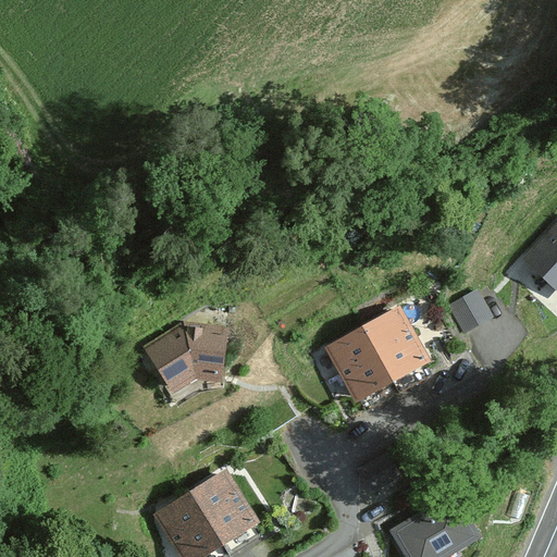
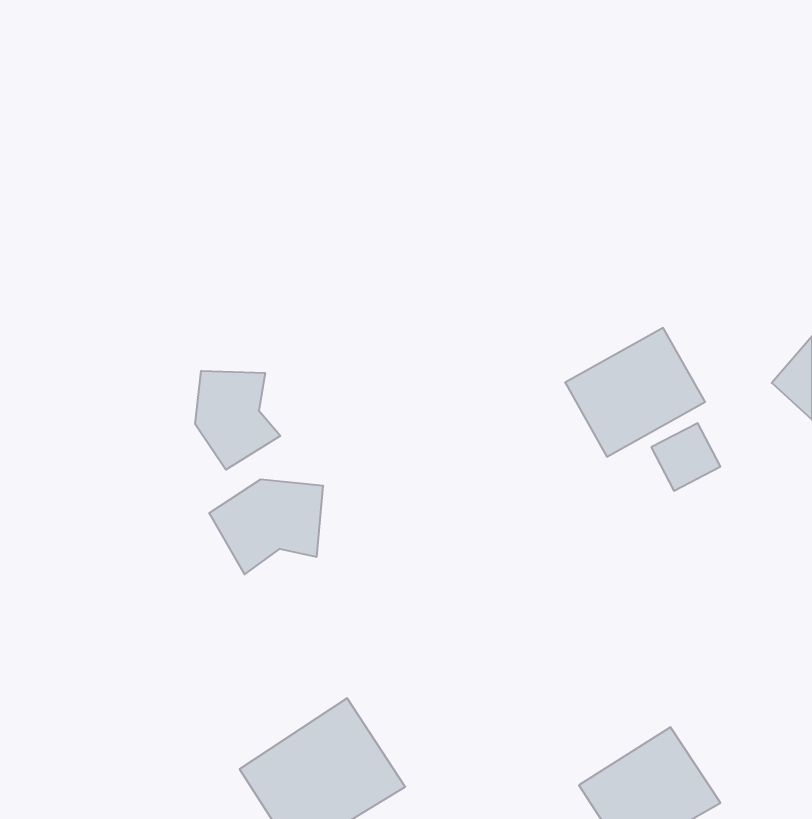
building: none -> [195,371,280,470]
building: [323,312,418,399] -> [565,328,705,457]

